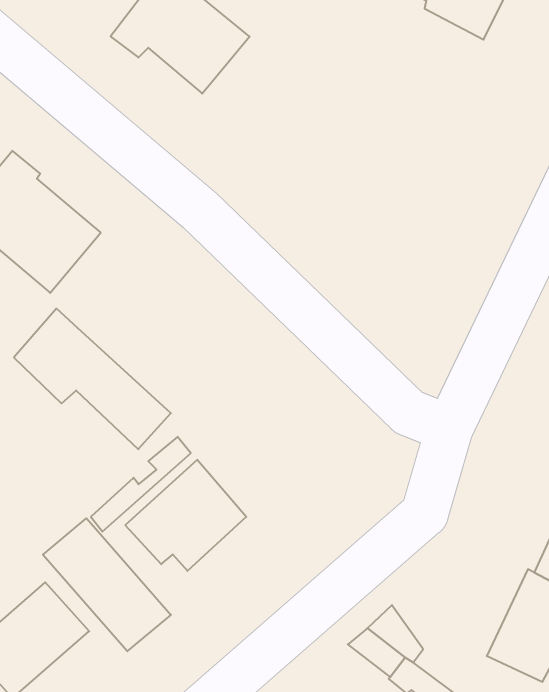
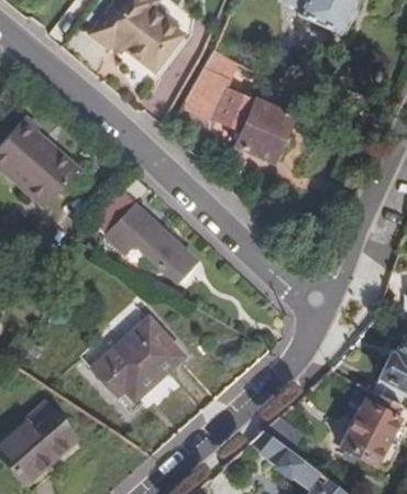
building: none -> [186,51,294,163]
building: [14,309,171,449] -> [95,189,200,284]
building: [43,518,171,651] -> none

